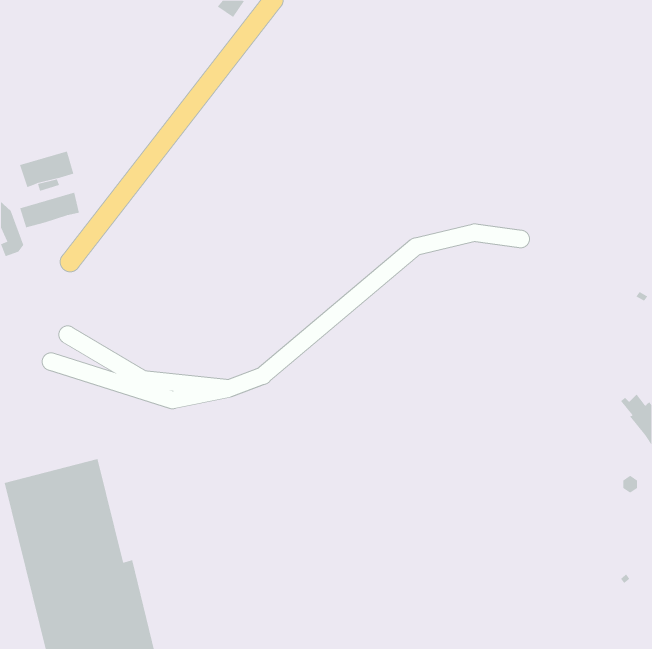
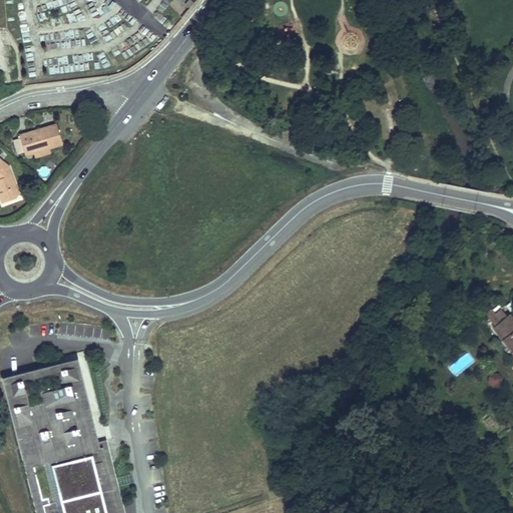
building: [20,192,79,228] -> none

